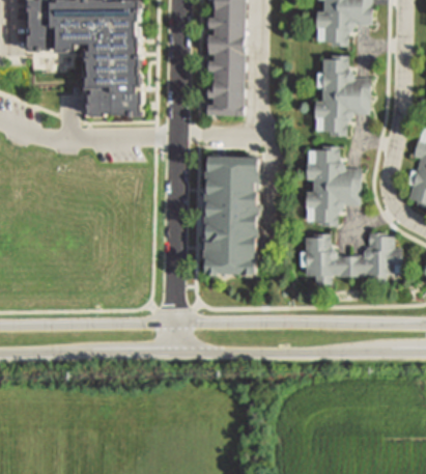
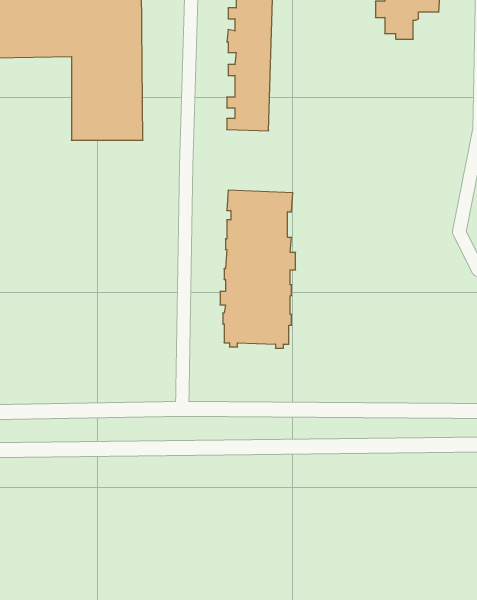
building: [318,59,374,133] -> none
building: [306,149,356,222] -> none
building: [306,235,390,282] -> none

